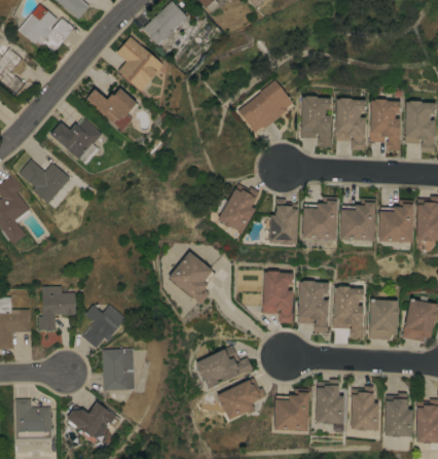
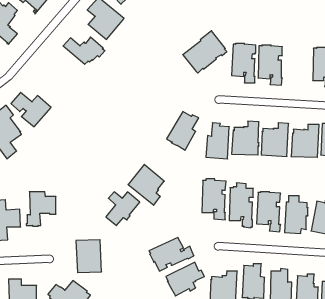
building: [370,99,400,150] -> none
building: [50,118,103,162] -> none
building: [82,305,125,348] -> [106,192,140,226]

